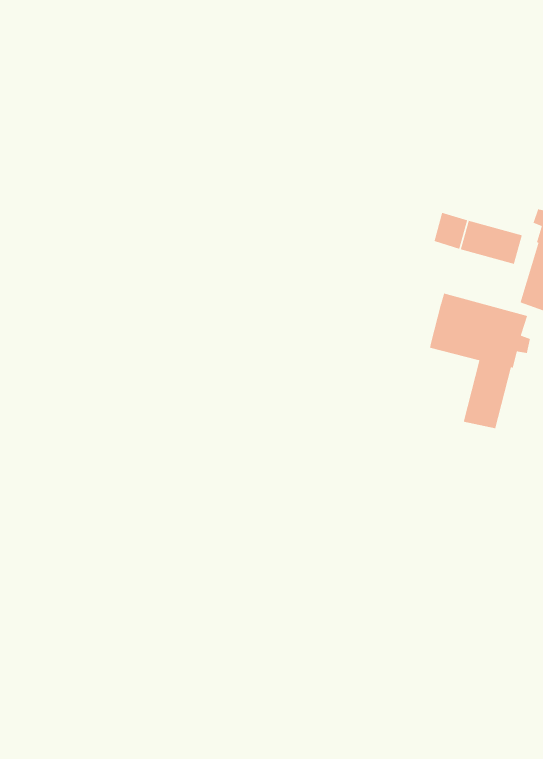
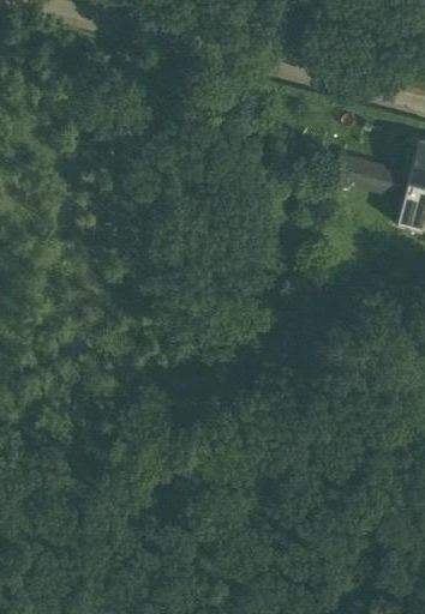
building: [429,292,531,429] -> none

